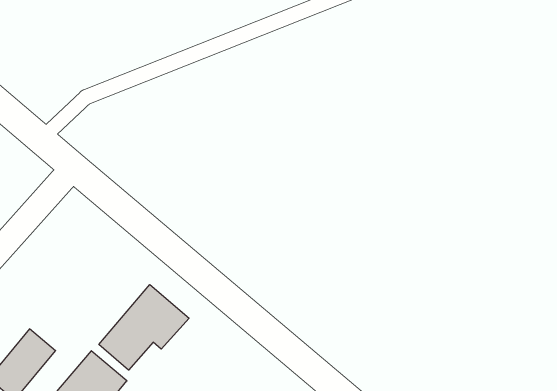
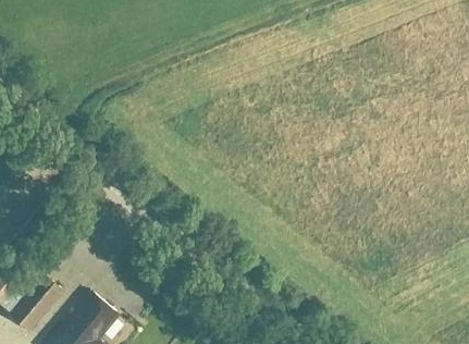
building: [99,285,189,370] -> none

